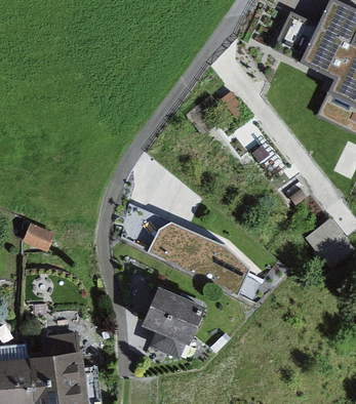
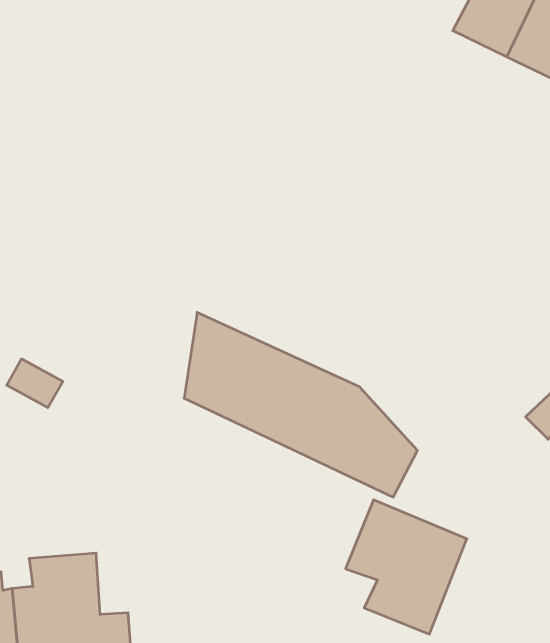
building: [135,285,202,359] -> [346,500,467,634]

